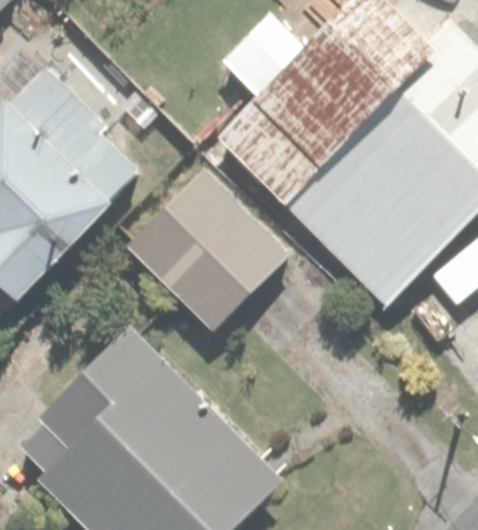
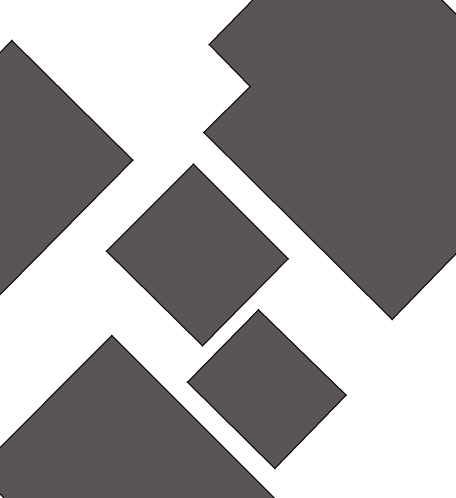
building: none -> [187,310,346,469]

